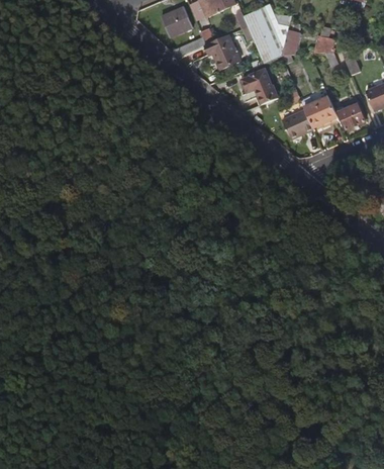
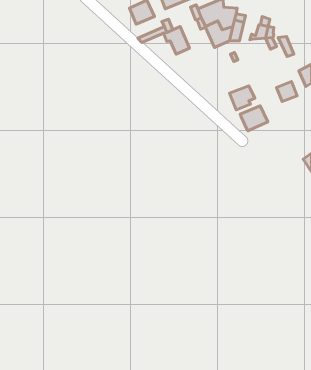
building: [242,69,278,104] -> none
building: [304,96,338,126] -> [240,106,268,131]

